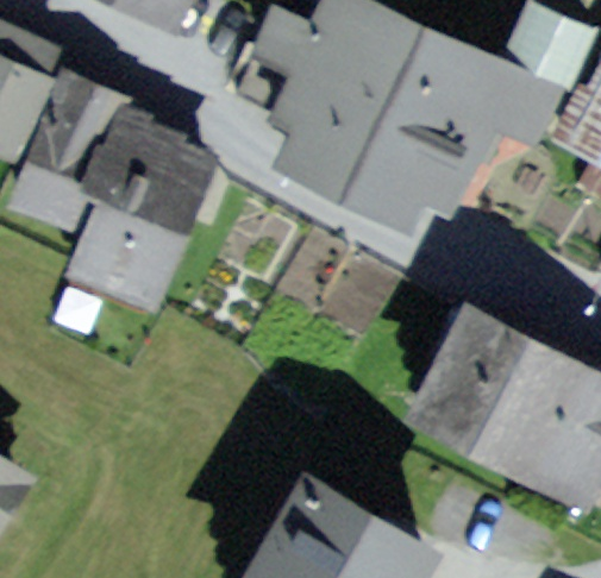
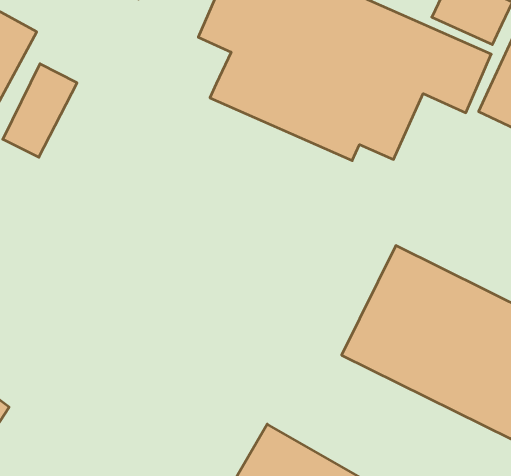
building: [54,105,226,327] -> none

